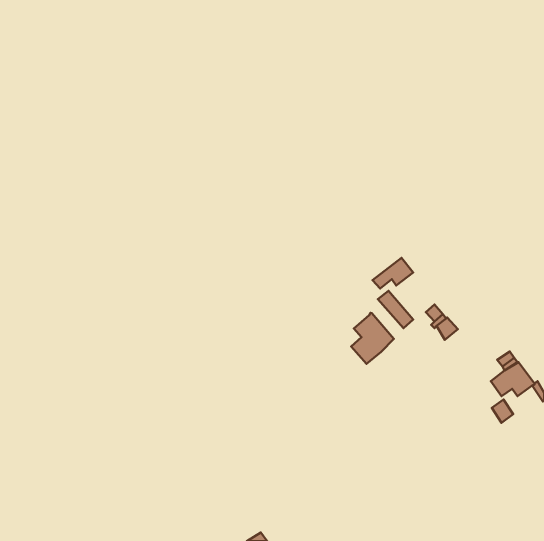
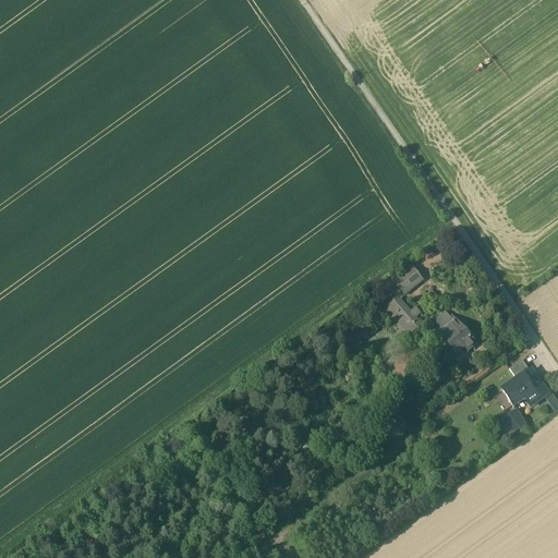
building: [351,313,394,364] -> none

